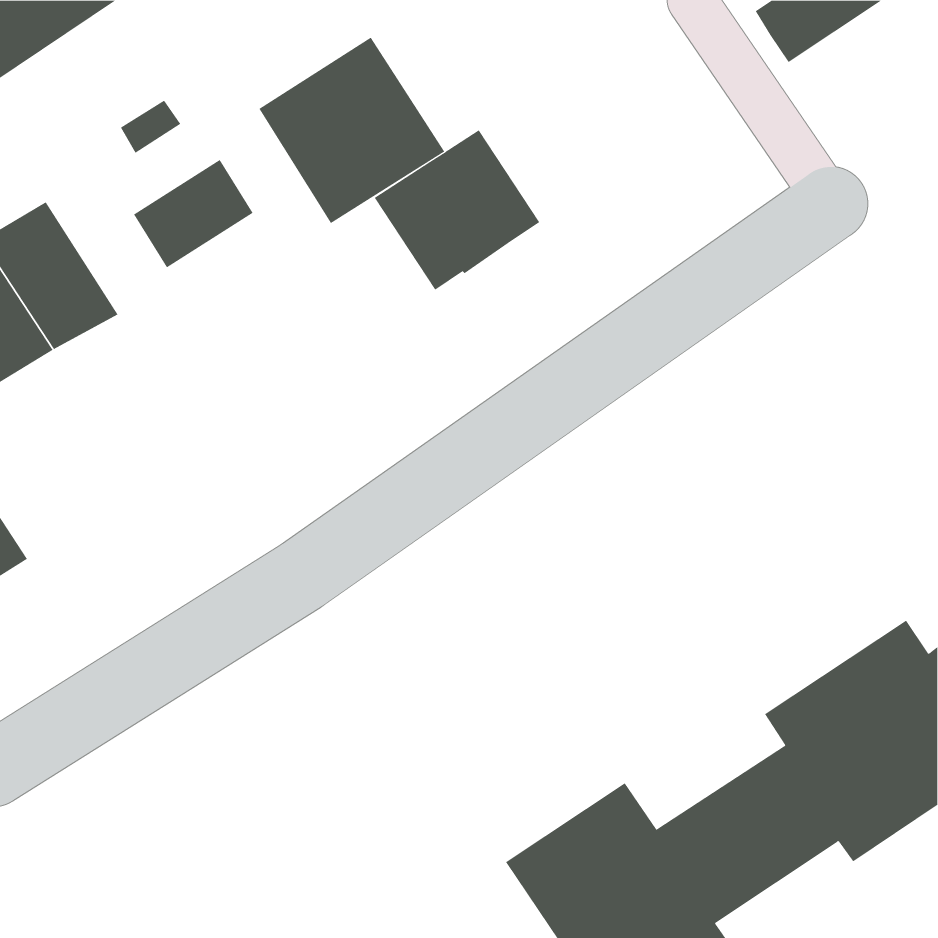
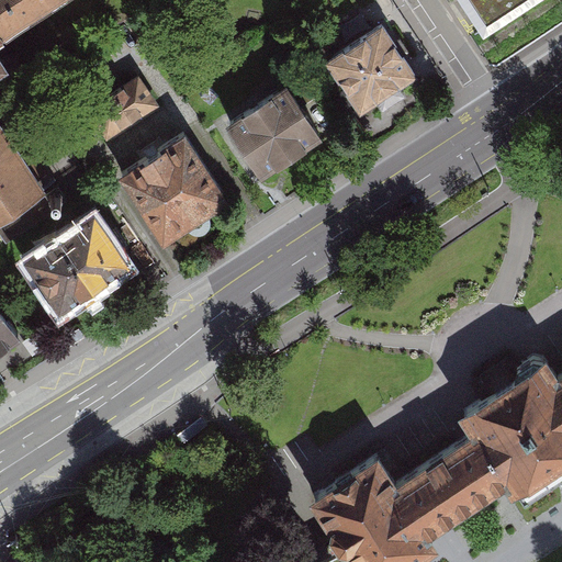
building: none -> [324,24,415,114]
building: [258,37,445,224] -> [115,132,226,243]
building: none -> [21,210,127,308]

